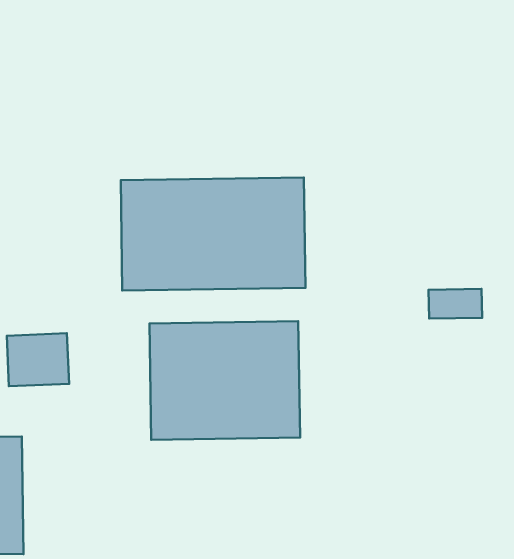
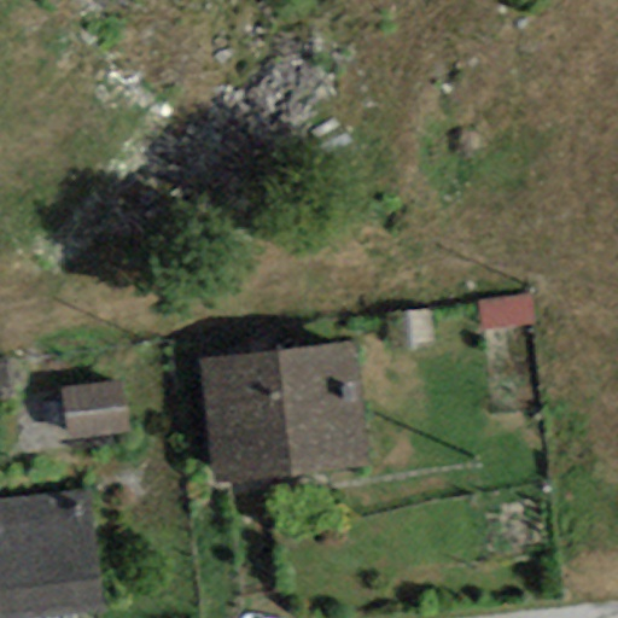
building: [121,178,305,290] -> none

